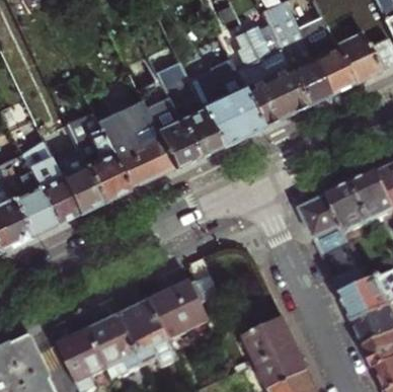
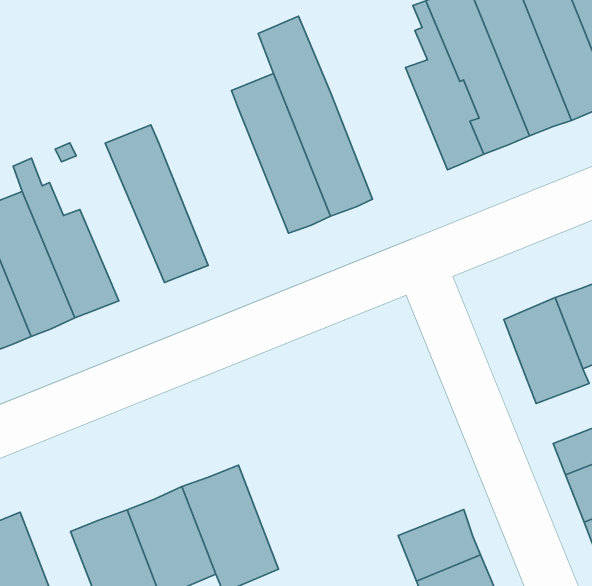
building: [192,35,261,145] -> none
building: [96,99,173,188] -> none
building: [54,149,104,212] -> none
building: [153,278,220,340] -> none

